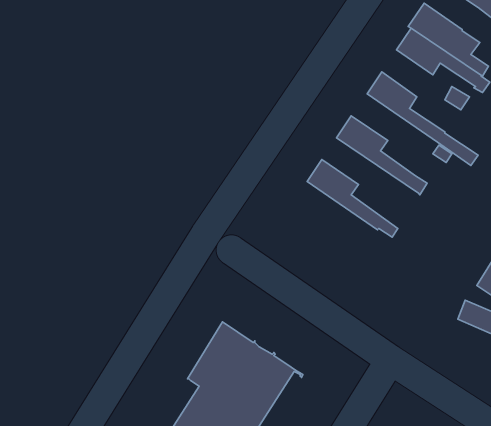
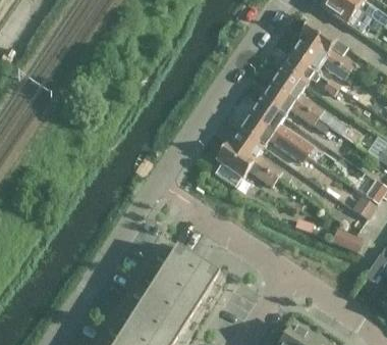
building: none -> [279,52,315,85]
building: none -> [258,83,318,124]
building: none -> [237,113,305,160]
building: none -> [214,143,276,185]

